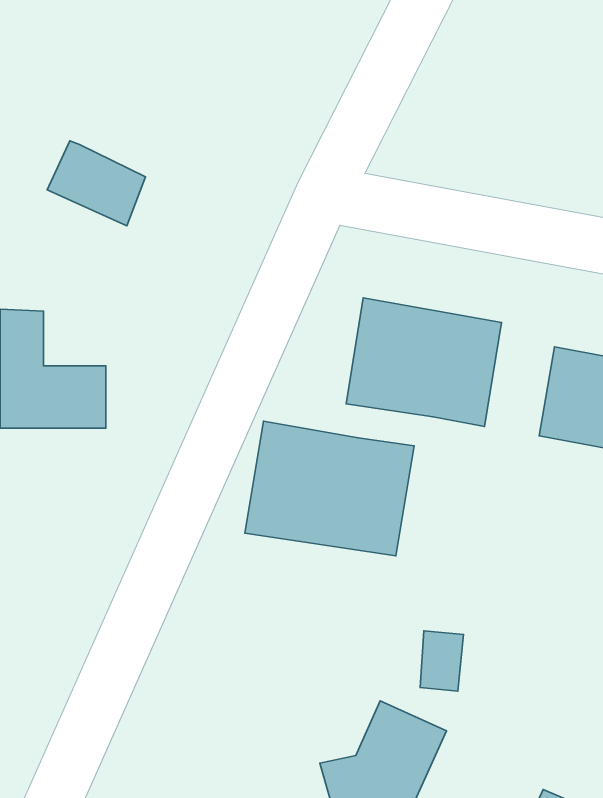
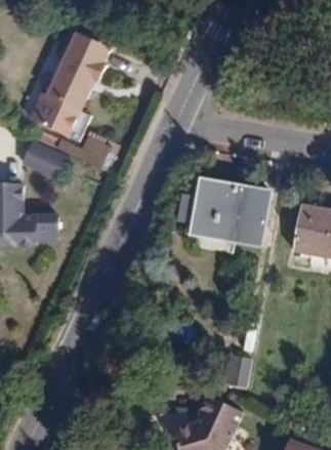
building: none -> [43,31,110,110]
building: none -> [23,144,67,179]
building: [245,421,414,556] -> none

